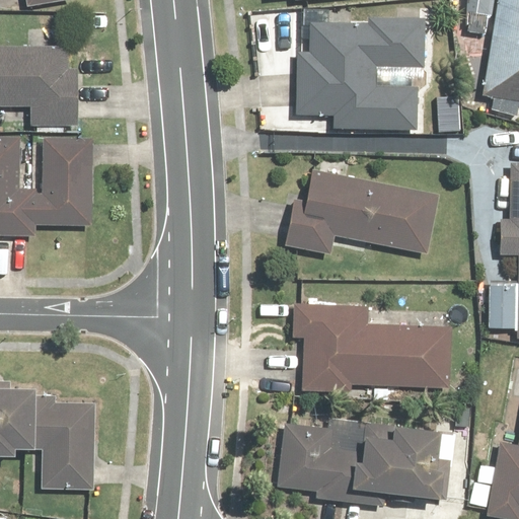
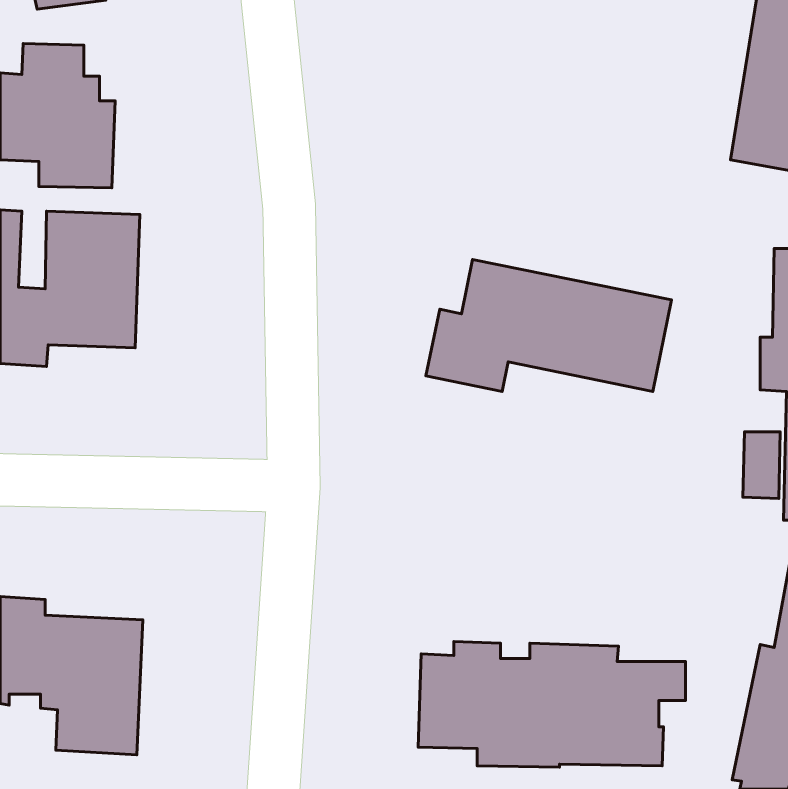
building: [296,17,425,128] -> none
building: [294,301,452,393] -> none

